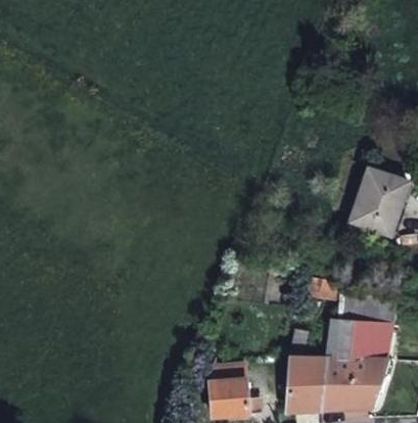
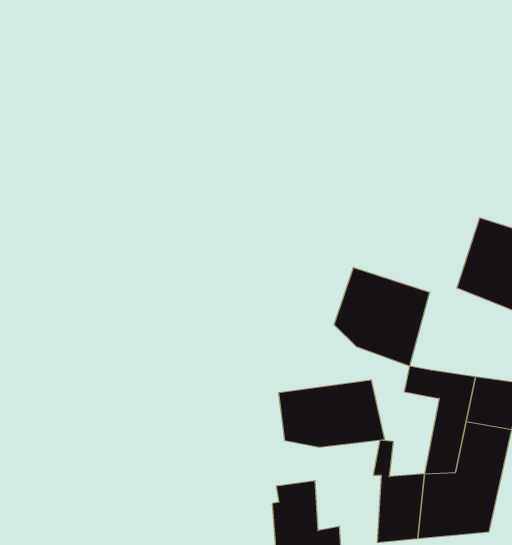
building: none -> [334,267,429,366]
building: none -> [279,380,384,447]

